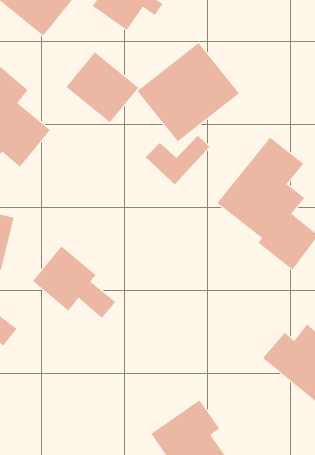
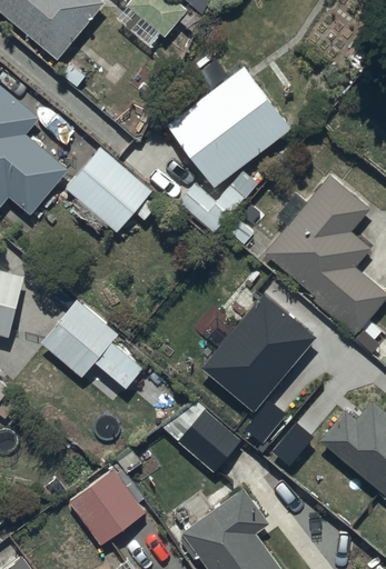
building: [65,52,139,123] -> [66,148,154,233]
building: none -> [201,292,317,411]
building: none -> [177,411,239,473]
building: none -> [72,470,149,548]

